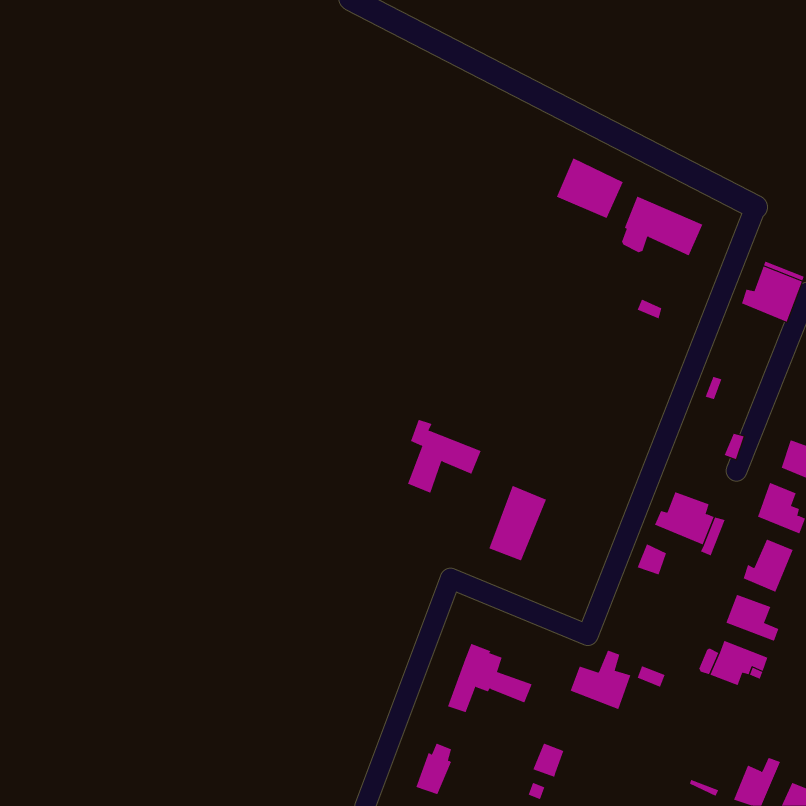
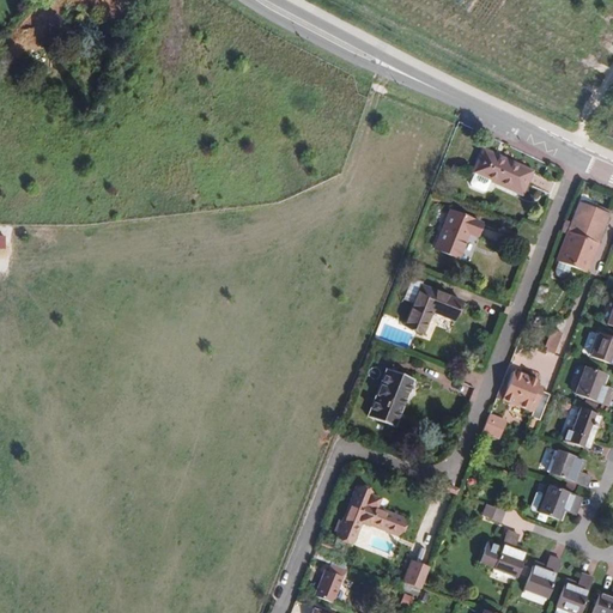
building: [556,158,624,219] -> none
building: none -> [436,211,481,259]
building: none -> [552,230,597,275]
building: [407,419,481,493] -> [406,278,462,334]
building: [570,650,631,710] -> [480,530,527,576]
building: none -> [526,556,562,596]

